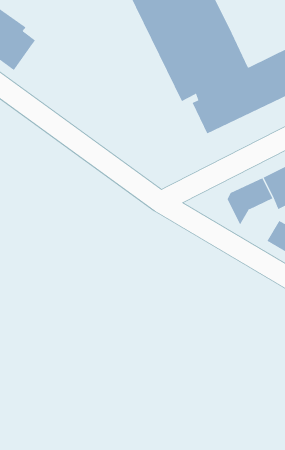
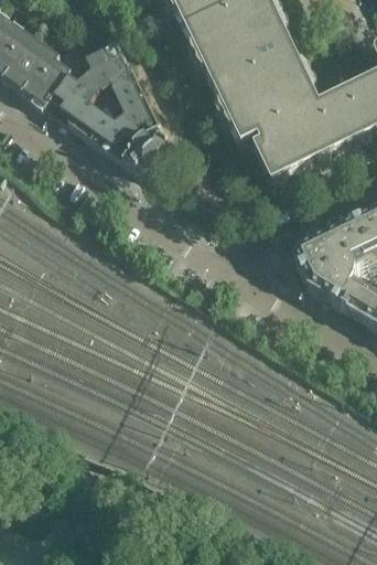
building: none -> [44,35,170,172]
building: none -> [308,252,353,301]

